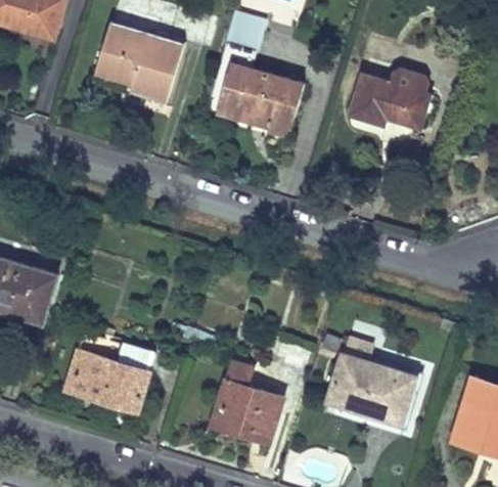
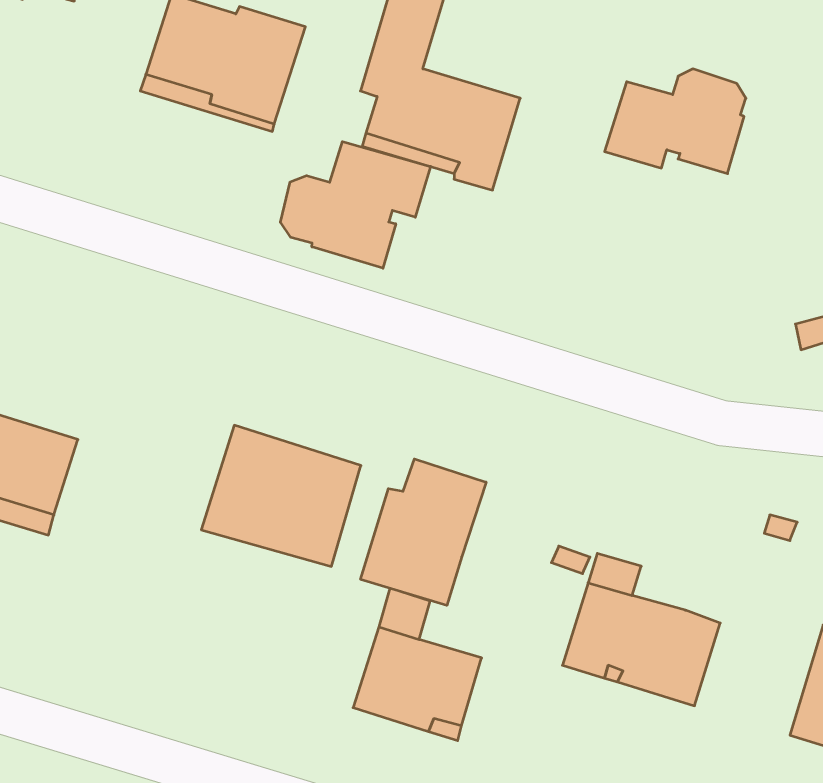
building: none -> [280,142,431,268]
building: none -> [361,459,486,605]
building: [65,333,154,411] -> [201,425,361,566]

